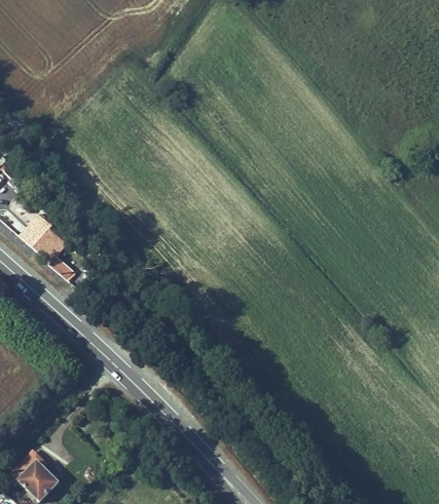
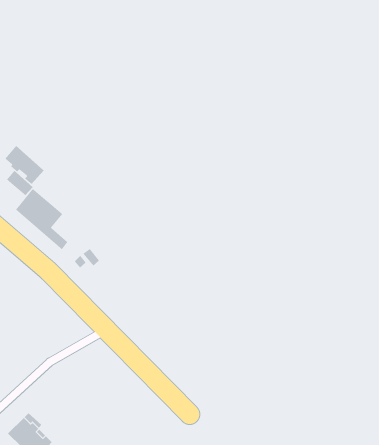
building: none -> [5,145,45,185]

